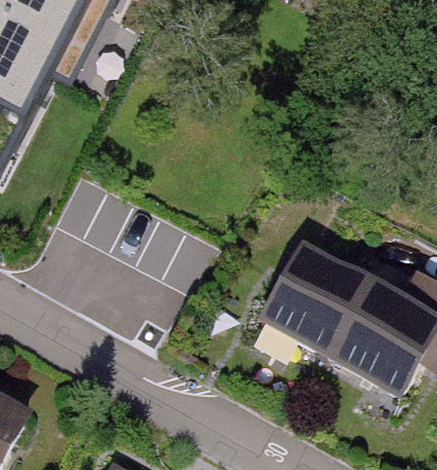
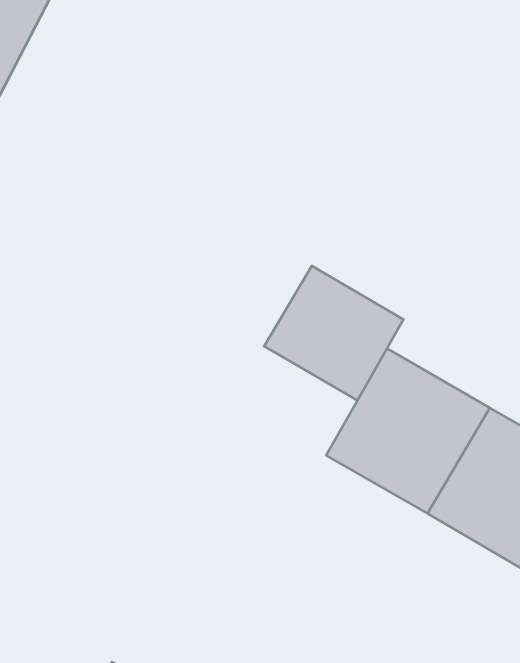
building: none -> [264,266,403,400]

